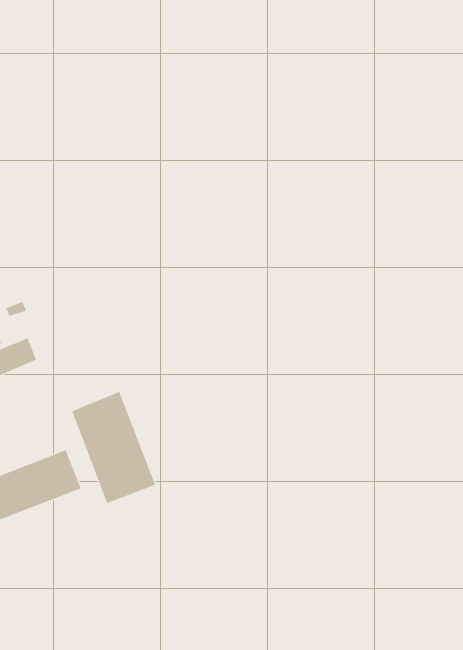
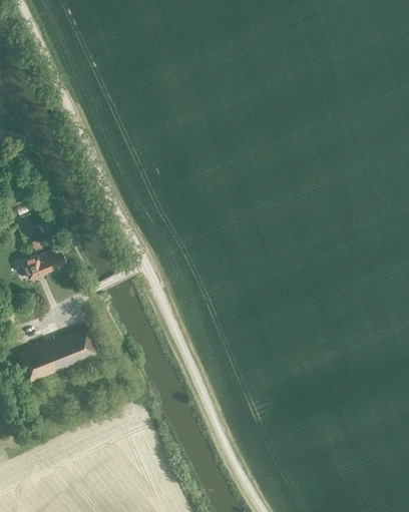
building: [72,391,156,504] -> none

